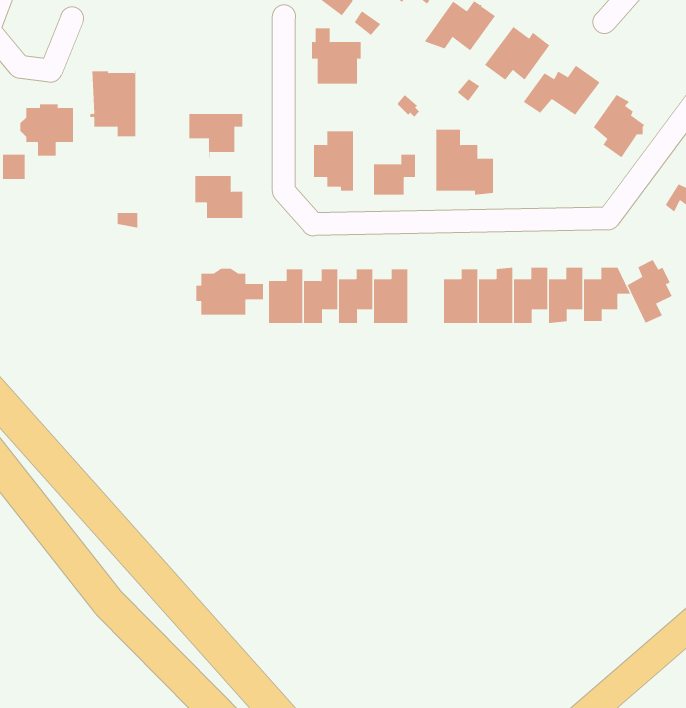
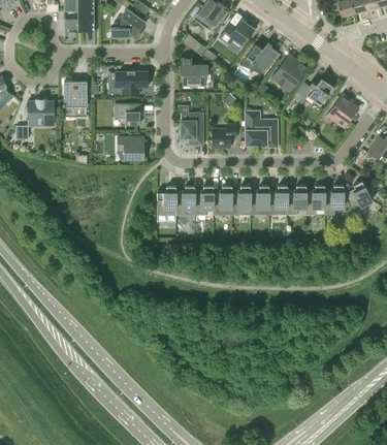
building: none -> [108,71,144,93]
building: [196,268,263,316] -> none
building: none -> [231,186,250,215]

